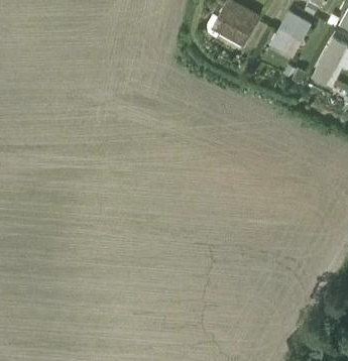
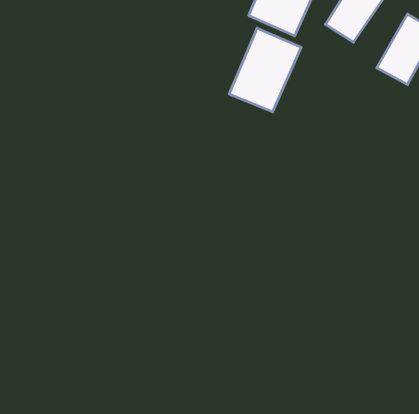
building: none -> [229,28,301,112]

